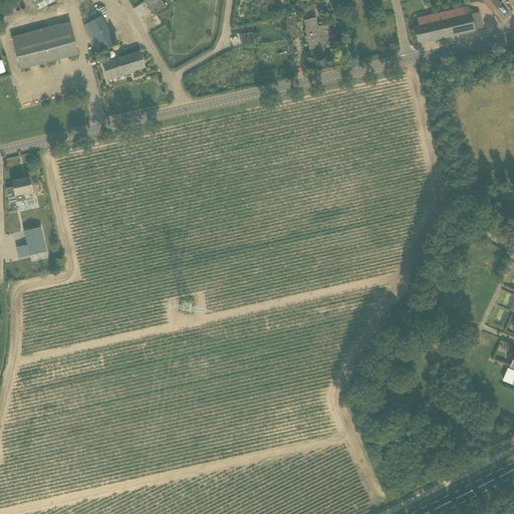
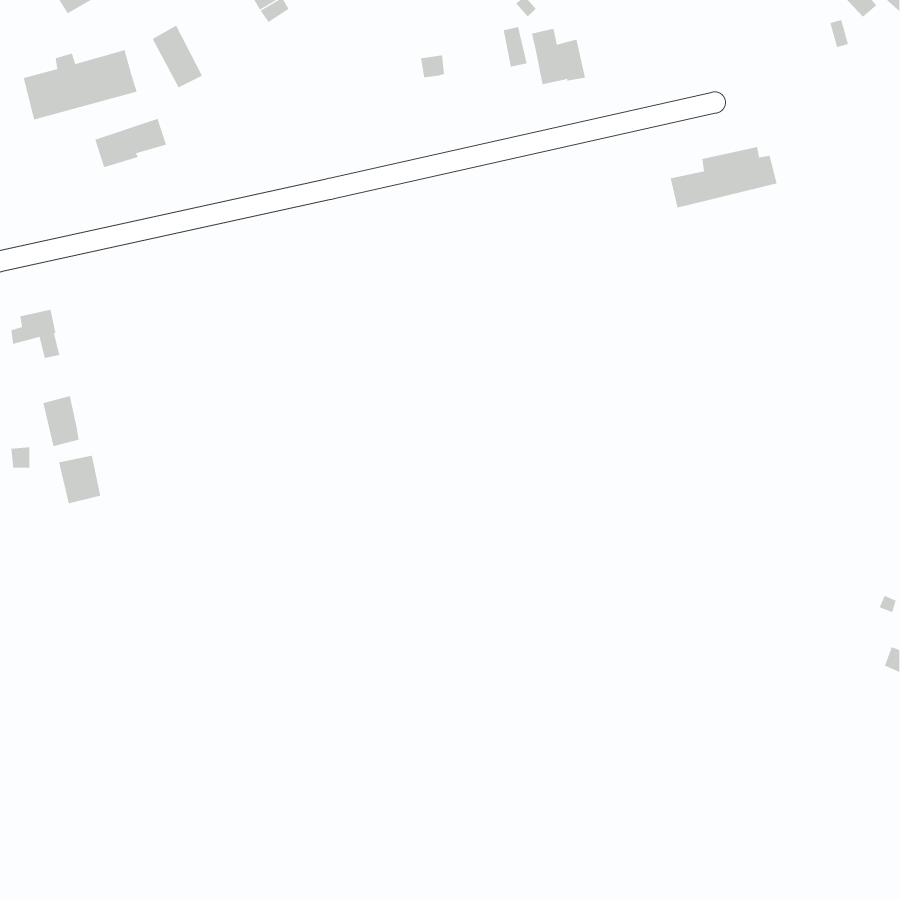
building: [413,7,474,42] -> [670,146,777,208]
building: [102,50,144,78] -> [95,118,167,168]
building: none -> [59,455,101,504]

